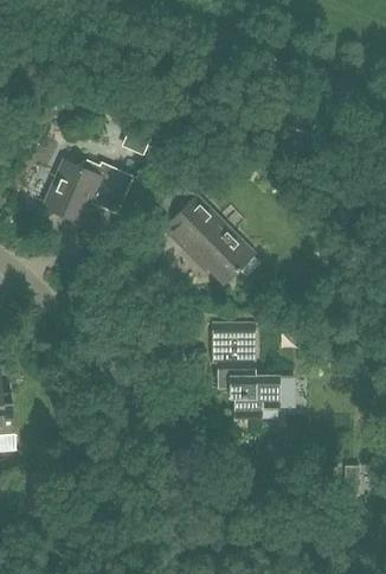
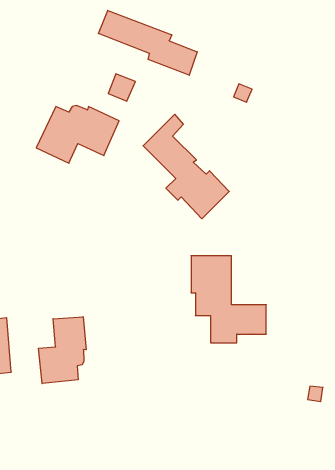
building: none -> [98,10,197,75]
building: none -> [39,317,86,384]

